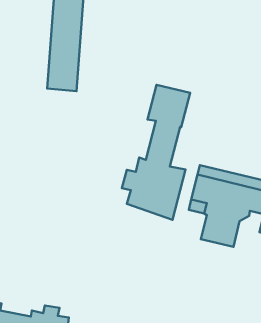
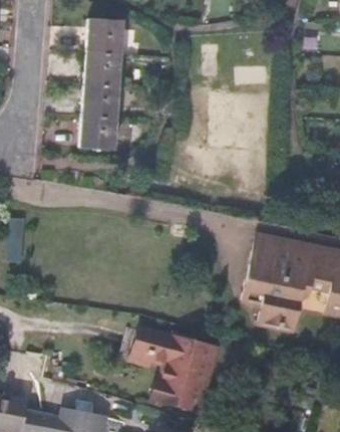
building: [122,85,190,220] -> none
building: none -> [130,325,215,410]

